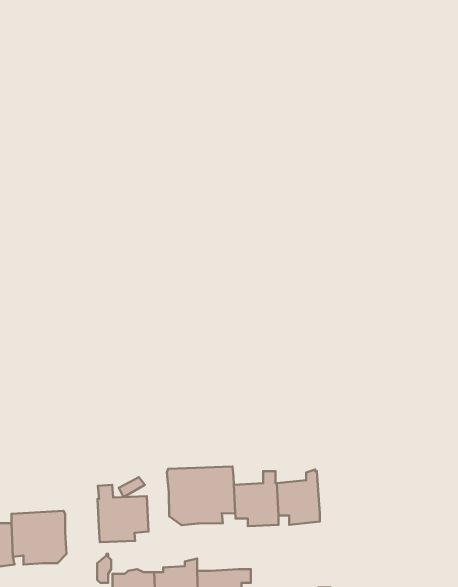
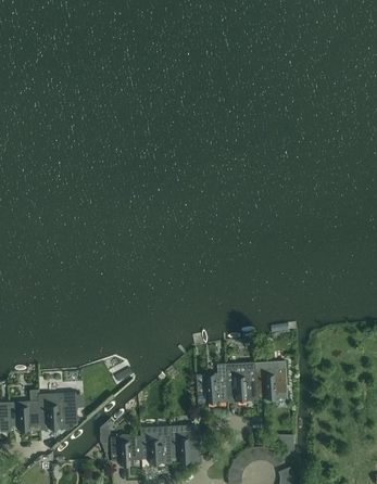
building: none -> [254,360,287,399]
building: [167,467,235,525] -> none
building: [97,485,149,542] -> none

